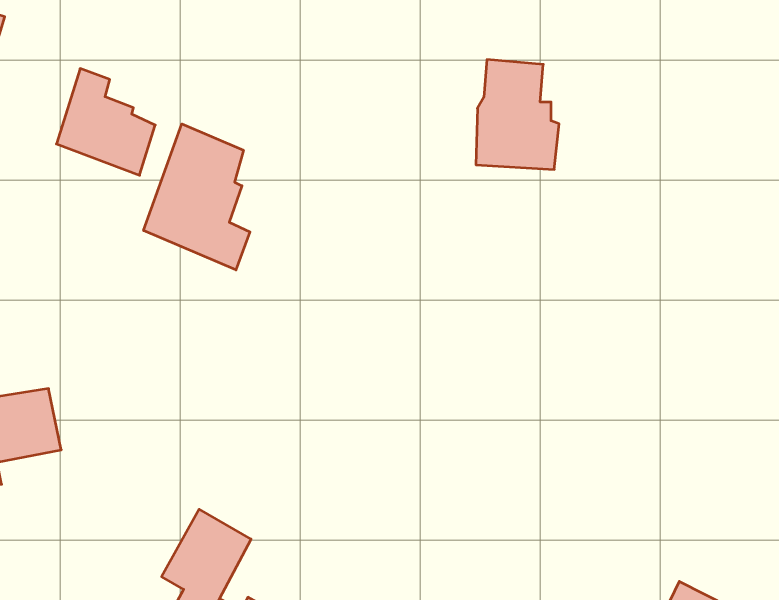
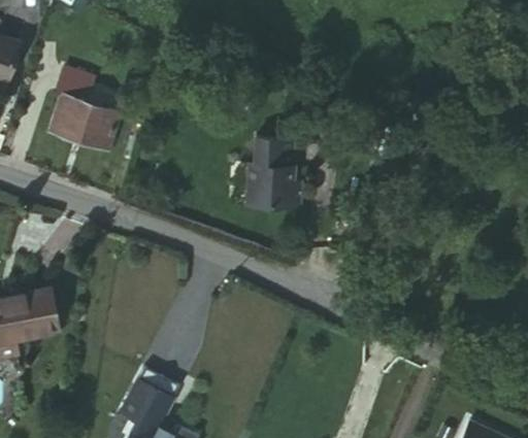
building: [476,60,559,169] -> [254,138,308,210]
building: [144,124,250,270] -> none

